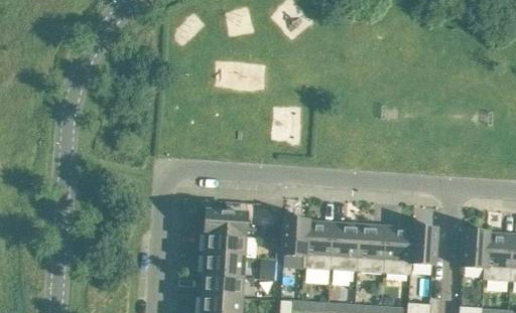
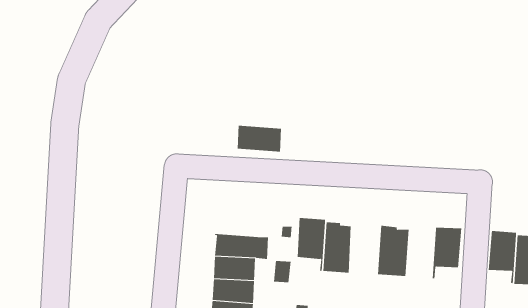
building: [205,210,247,236] -> [237,125,282,152]
building: [332,223,361,271] -> none
building: [385,227,412,275] -> none

